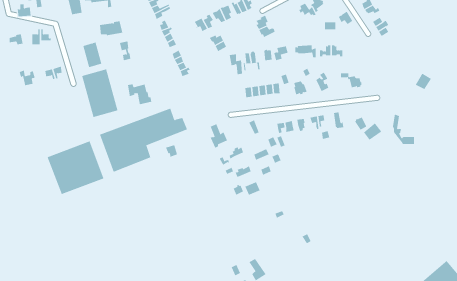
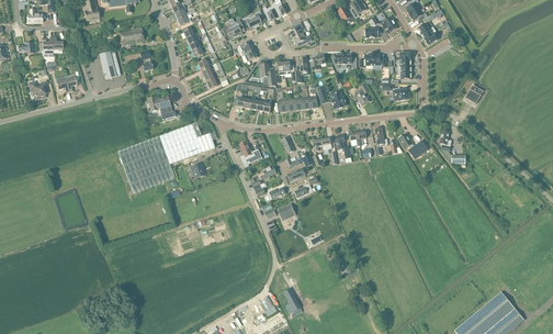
building: [81,68,118,118] -> none
building: [47,141,104,195] -> none

